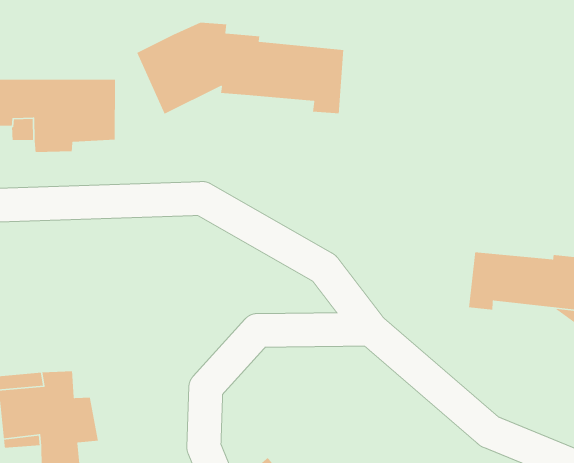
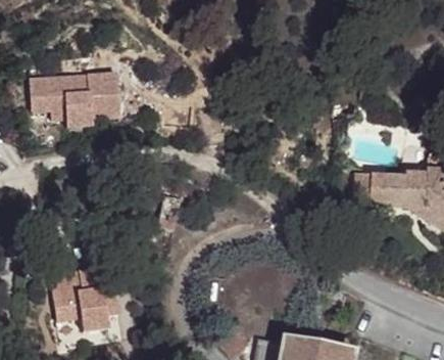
building: [136,22,344,115] -> none

